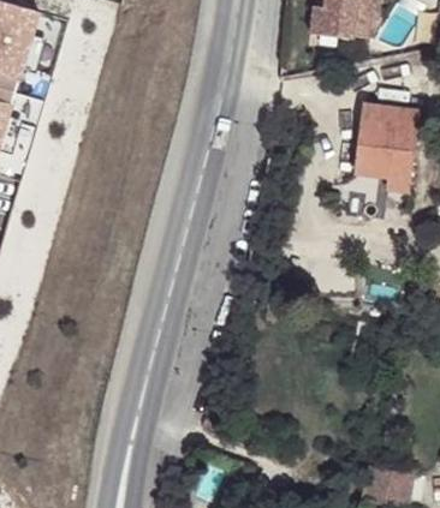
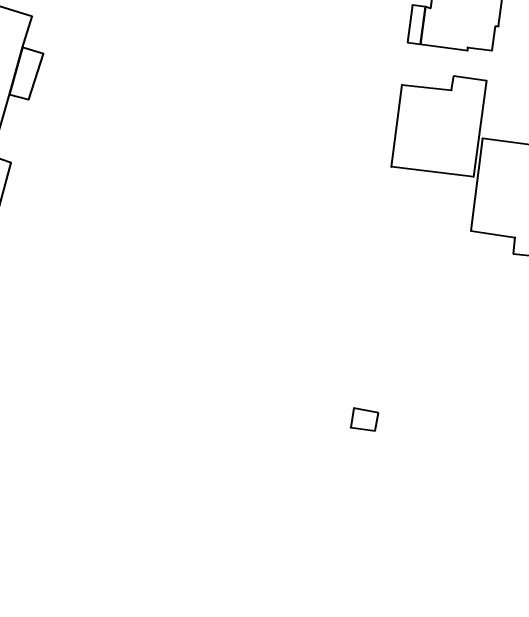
building: none -> [391,76,487,177]

